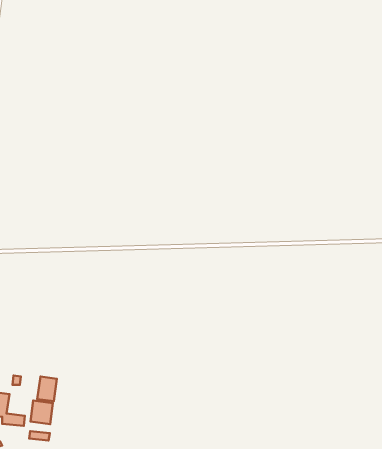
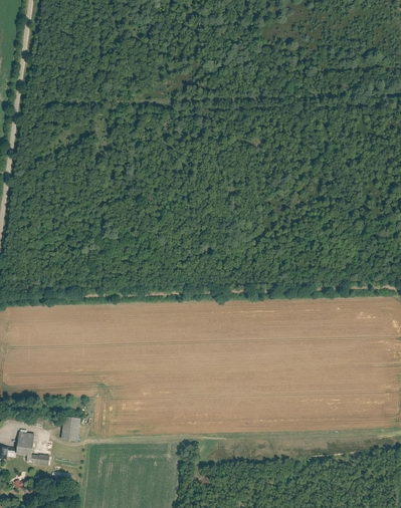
building: [30,400,53,424] -> none

